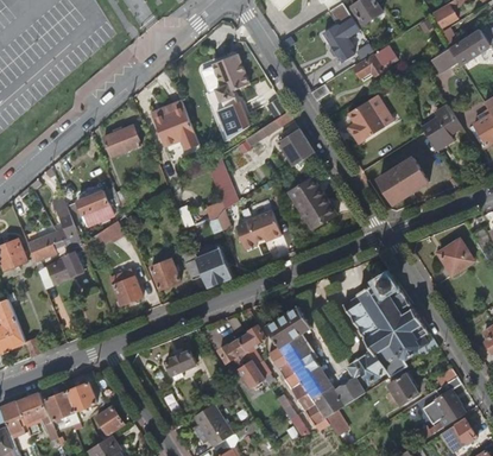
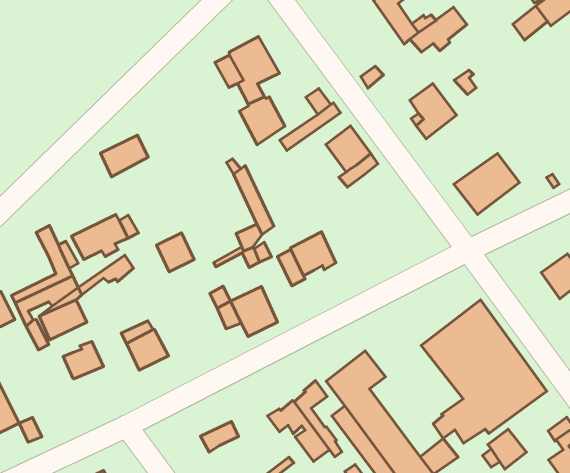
building: [148,97,197,146] -> none
building: [421,103,463,151] -> none
building: [289,178,337,230] -> none
building: [151,260,179,290] -> [157,233,194,272]
building: none -> [63,341,103,379]

